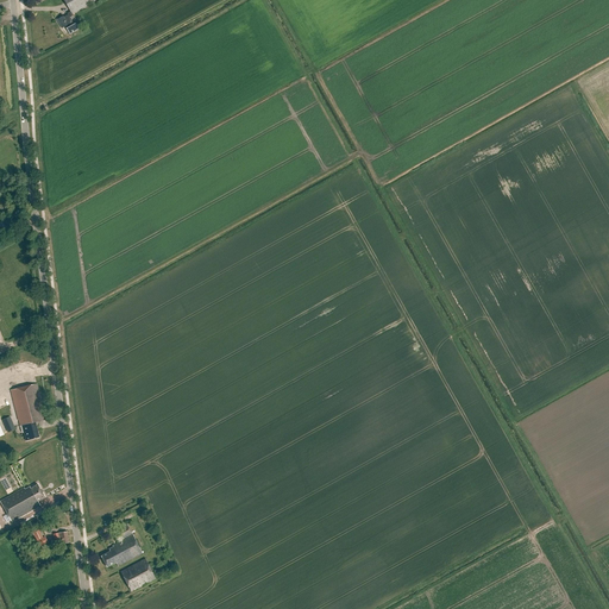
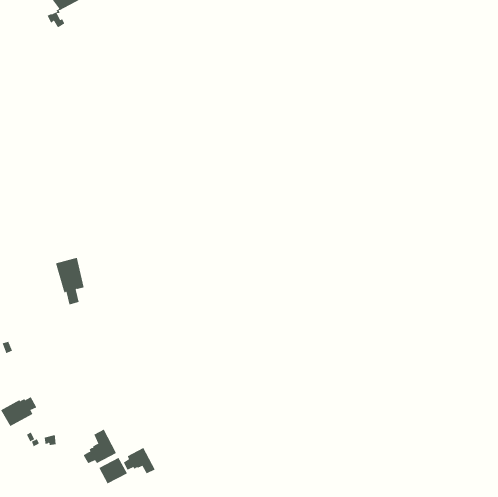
building: [10,382,45,440] -> [55,257,84,305]
building: none -> [123,447,155,474]

